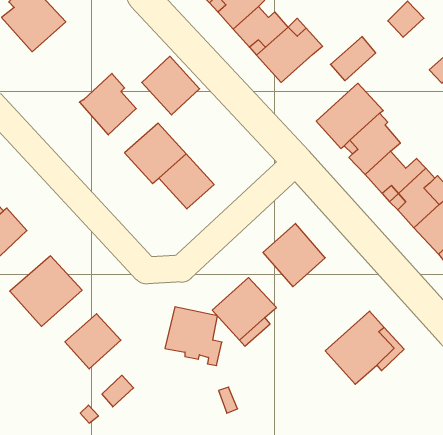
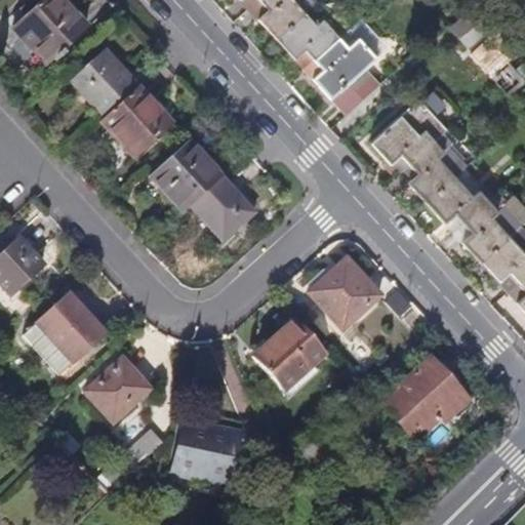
building: [330,36,376,81] -> [331,65,382,115]
building: [142,56,200,115] -> [74,49,139,116]
building: [165,307,222,366] -> [175,423,240,490]

